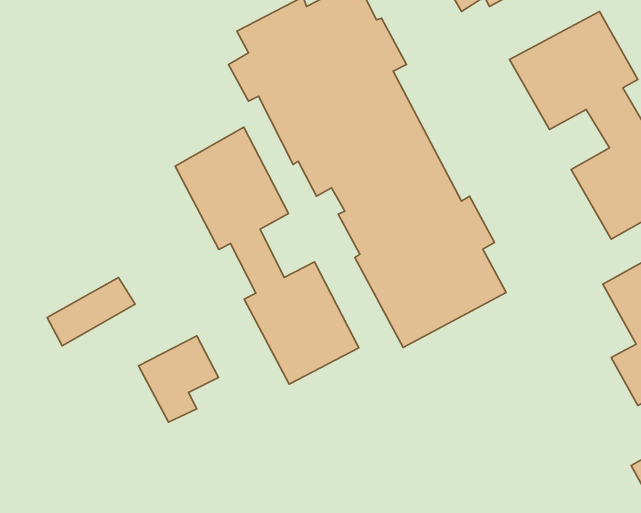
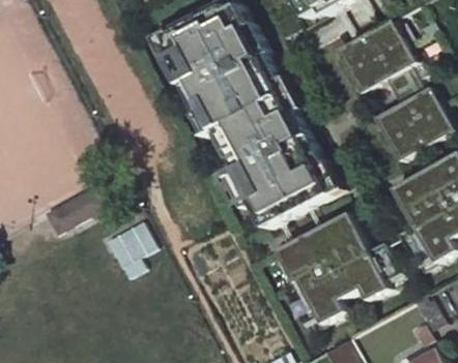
building: [175,127,359,384] -> none
building: none -> [280,214,400,324]

